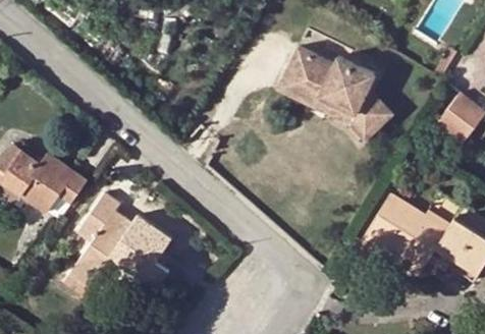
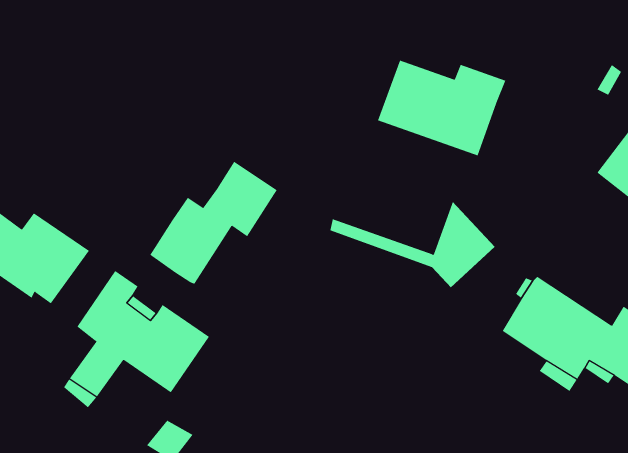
building: [282,77,396,137] -> [329,201,495,288]
building: none -> [150,161,278,285]

